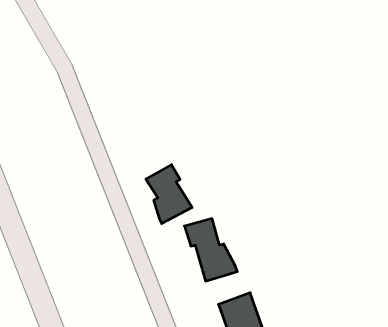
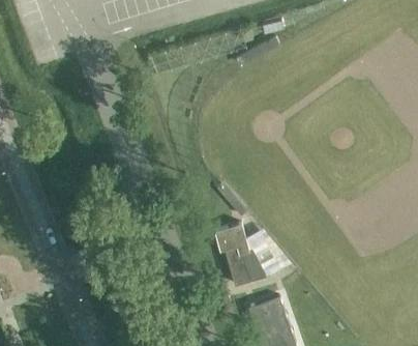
building: [146,165,192,224] -> none

